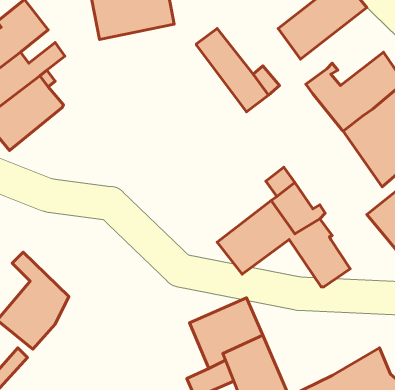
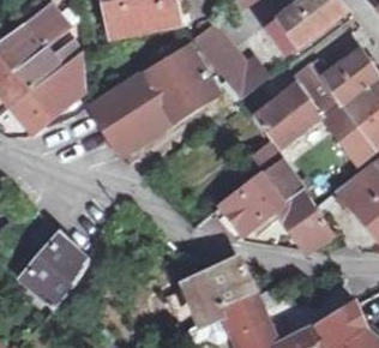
building: none -> [88,44,216,155]
building: none -> [255,83,323,148]

